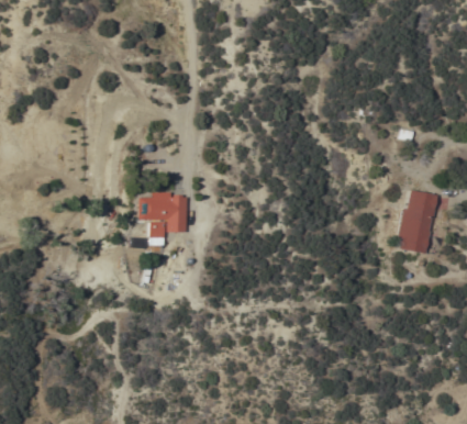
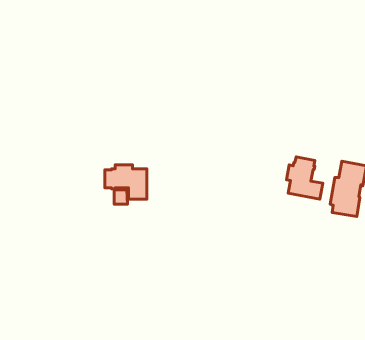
building: none -> [286,157,323,199]

